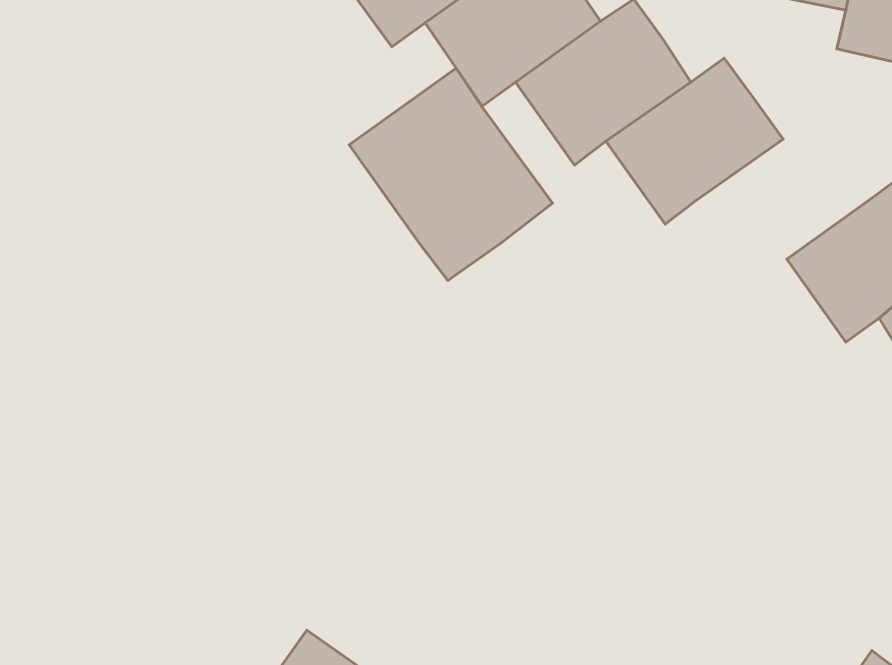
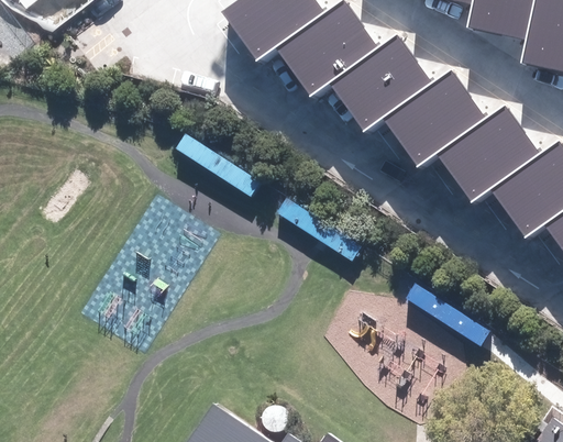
building: [349,68,553,280] -> none
building: none -> [440,106,544,203]

